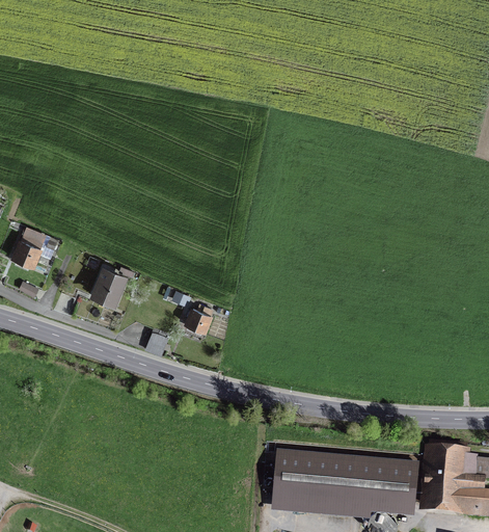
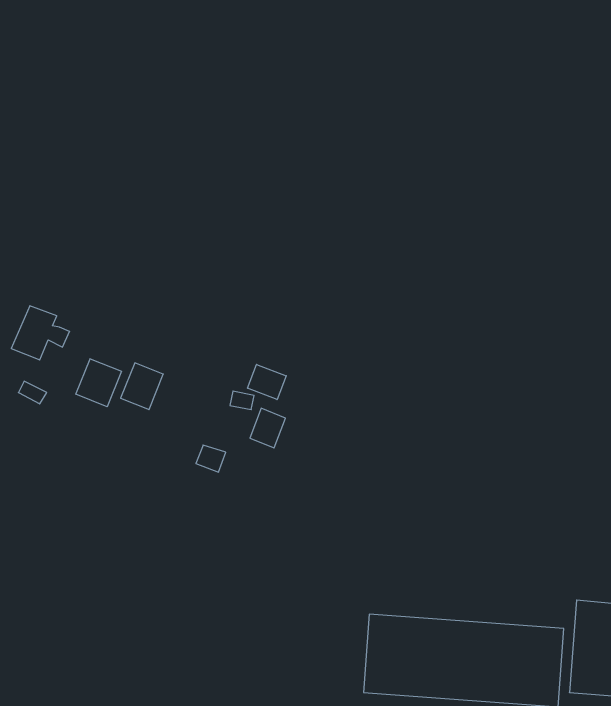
building: none -> [76,359,121,407]
building: none -> [248,364,286,400]

